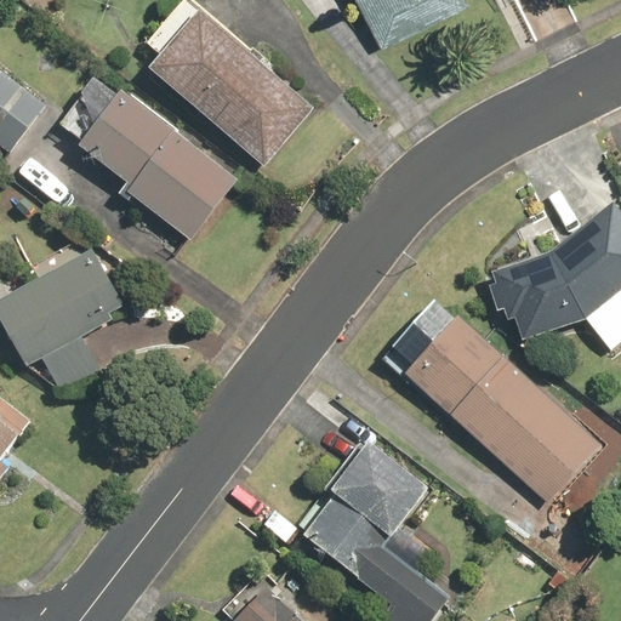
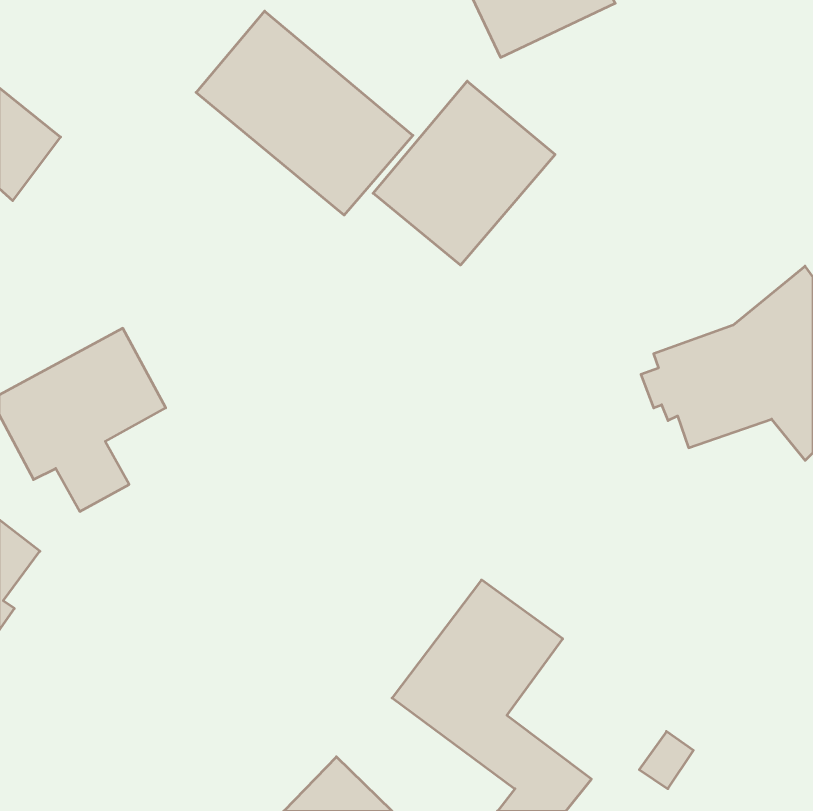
building: none -> [373,81,555,265]
building: [74,76,235,239] -> none
building: [387,300,604,507] -> none

